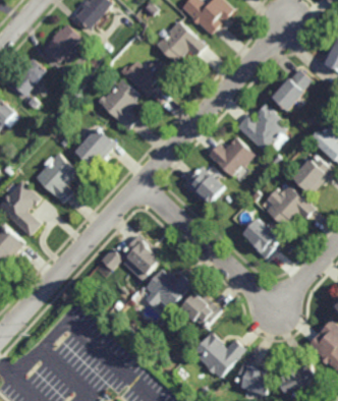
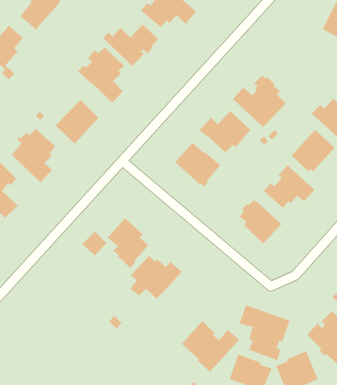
building: [274,69,312,110] -> none
building: [180,290,222,330] -> none
building: none -> [239,305,290,361]

